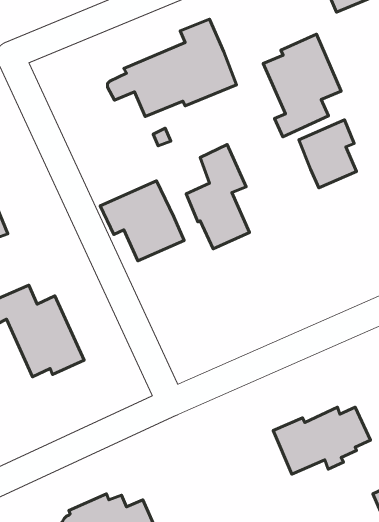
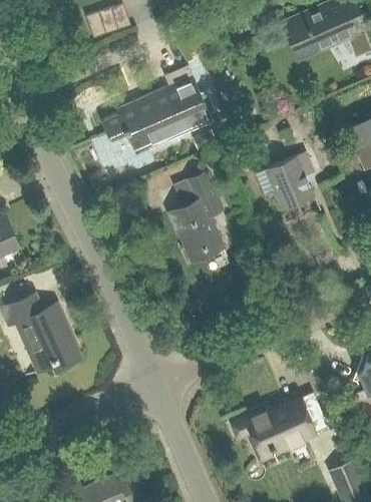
building: [263,34,341,137] -> none
building: [100,181,184,261] -> none

